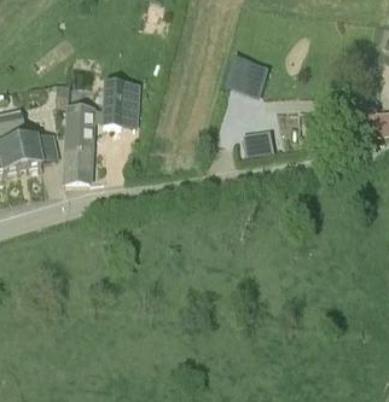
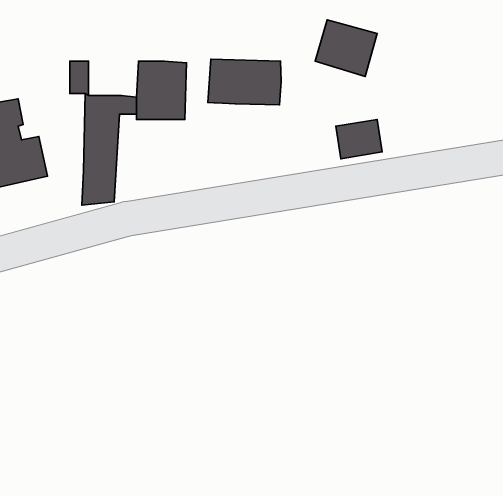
building: none -> [208,59,281,105]

